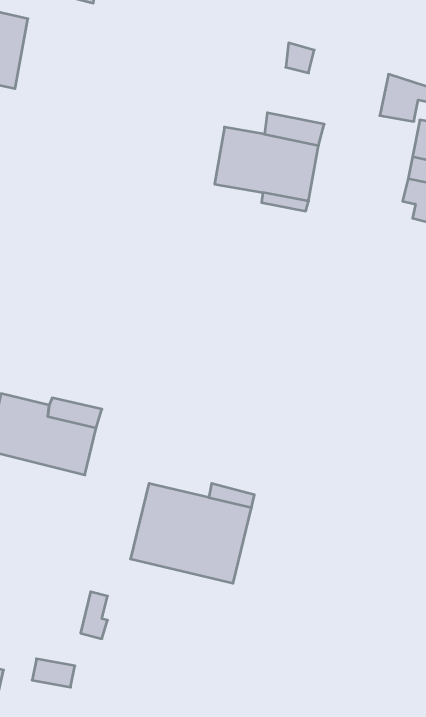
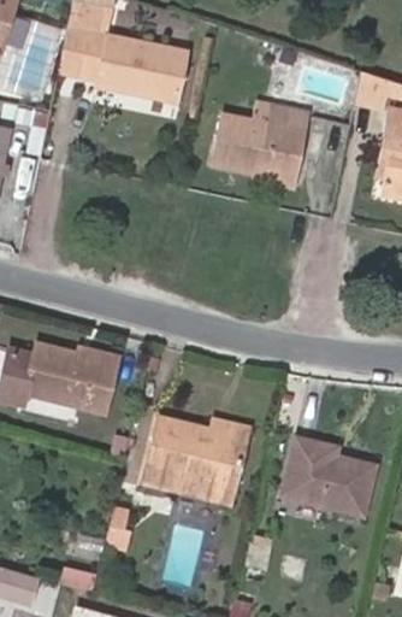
building: none -> [61,29,187,100]
building: none -> [284,437,377,515]

